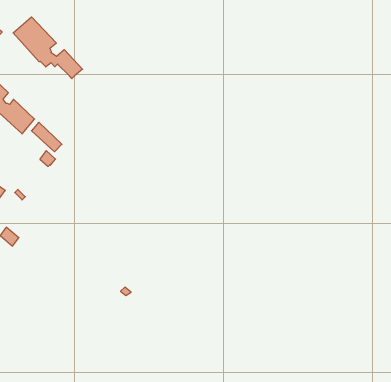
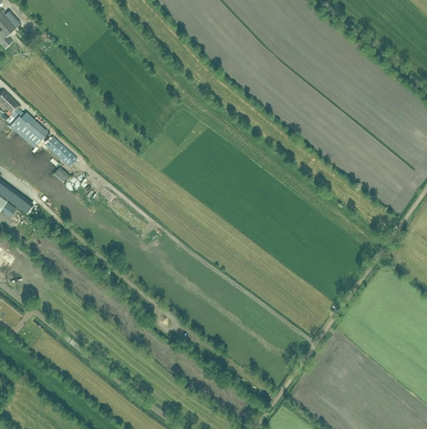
building: [13,17,83,79] -> none

